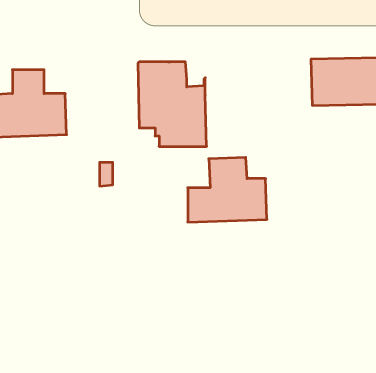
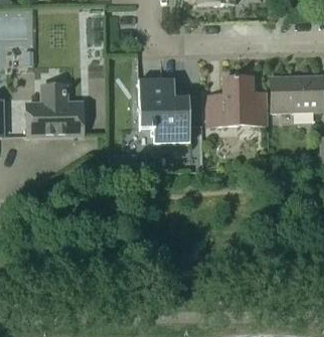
building: [188,157,267,222] -> [207,76,268,126]

